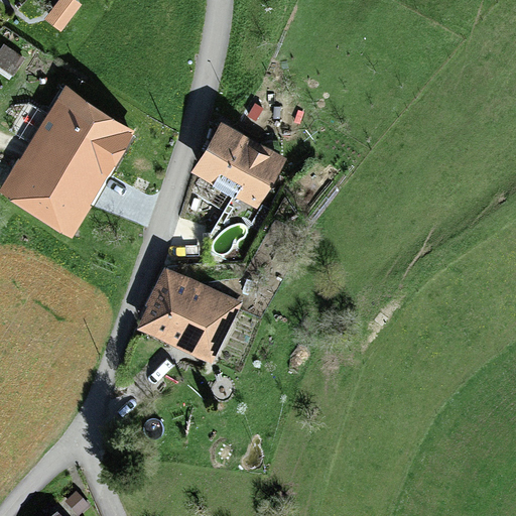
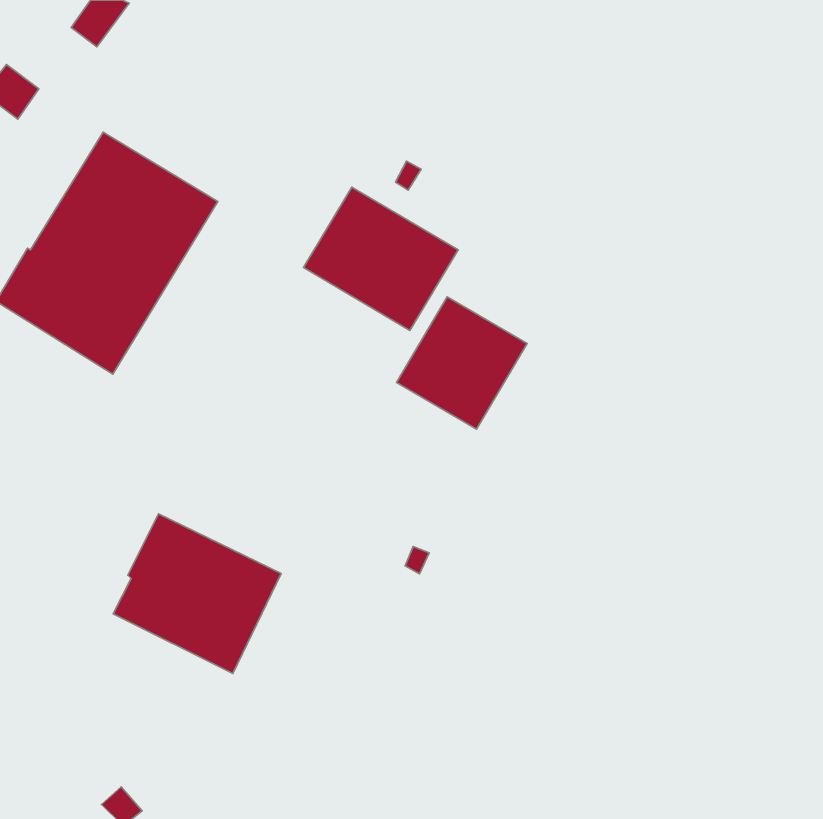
building: none -> [397,297,527,429]
building: [136,266,241,366] -> [113,514,281,674]

